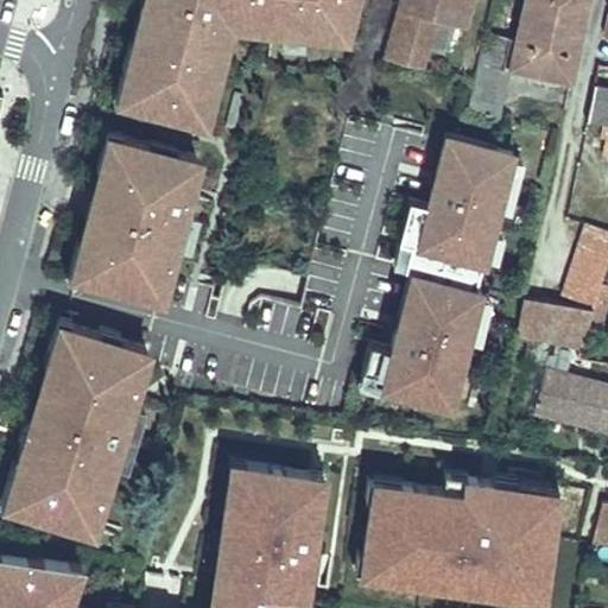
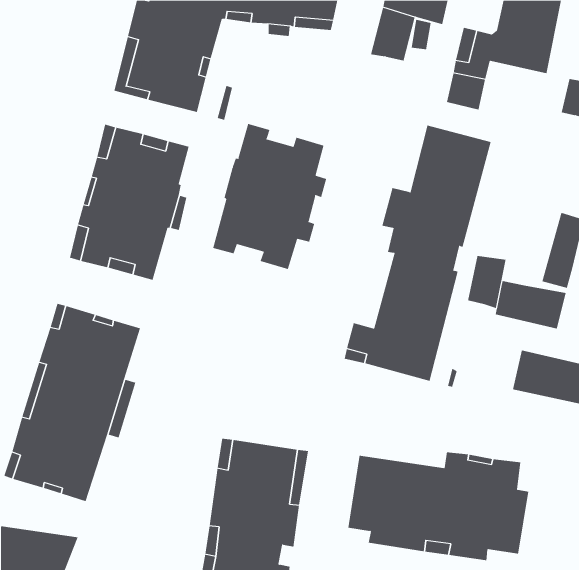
building: none -> [213,123,327,270]
building: none -> [468,255,506,309]

